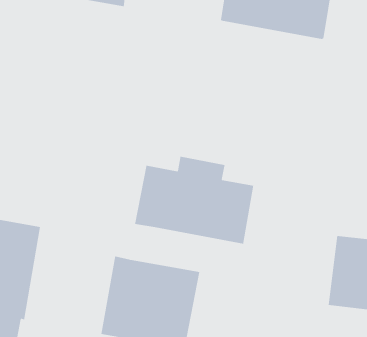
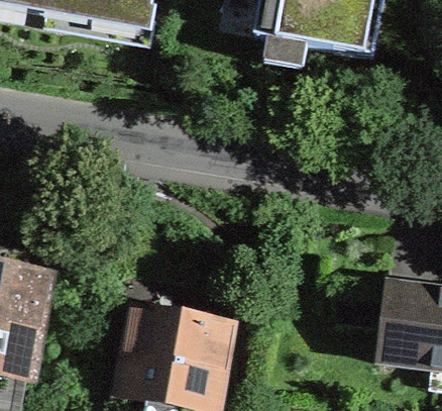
building: [134,156,254,245] -> none

